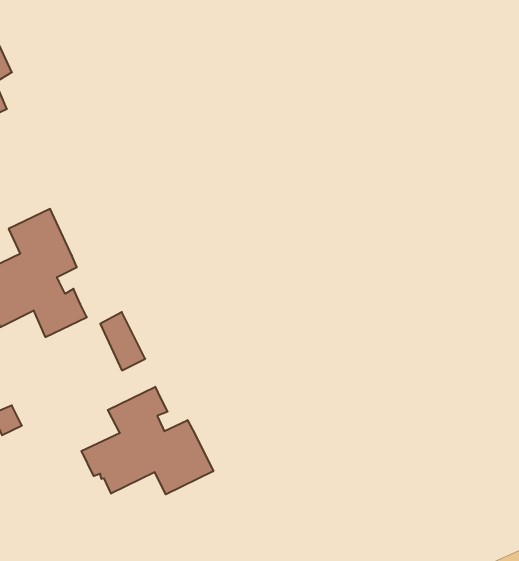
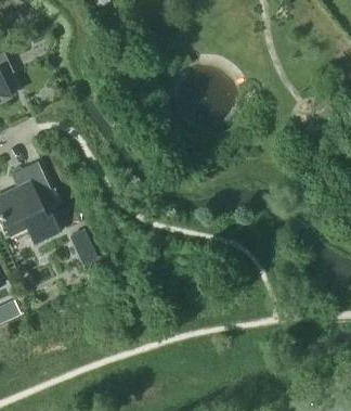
building: [81,387,213,494] -> none

